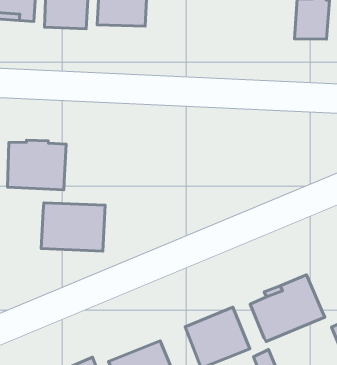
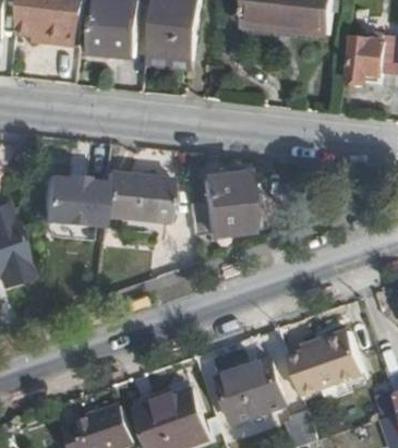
building: none -> [186,174,246,238]
building: [41,203,105,251] -> [99,169,169,223]

